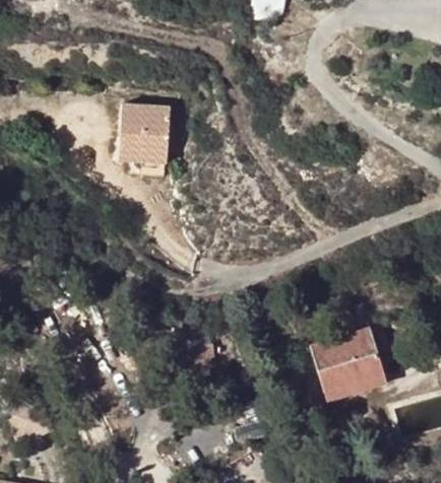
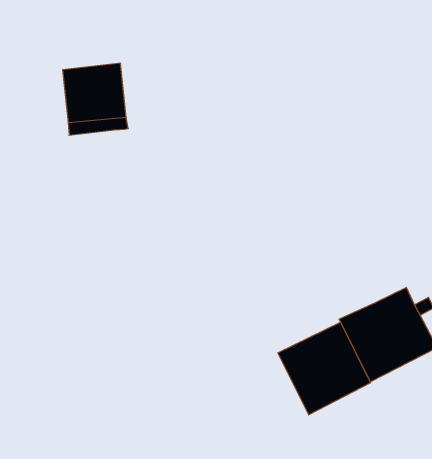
building: none -> [278,322,371,415]

